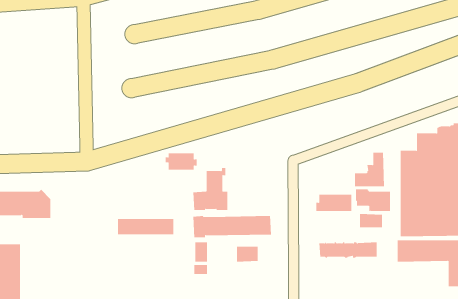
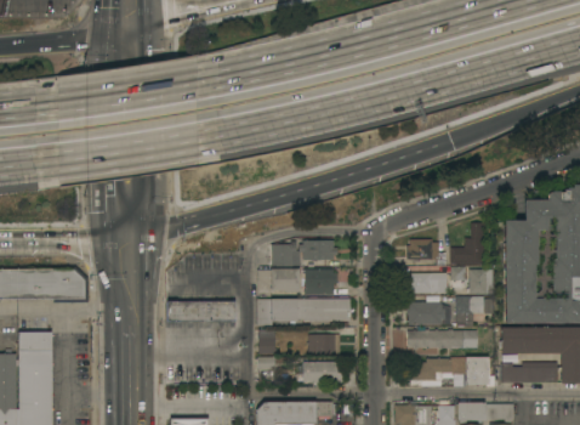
building: [165,153,197,170] -> [298,240,337,261]
building: none -> [406,239,438,266]
building: none -> [305,270,336,295]
building: none -> [406,302,444,325]
building: none -> [406,358,494,387]
building: none -> [302,362,342,384]
building: none -> [501,363,557,382]

